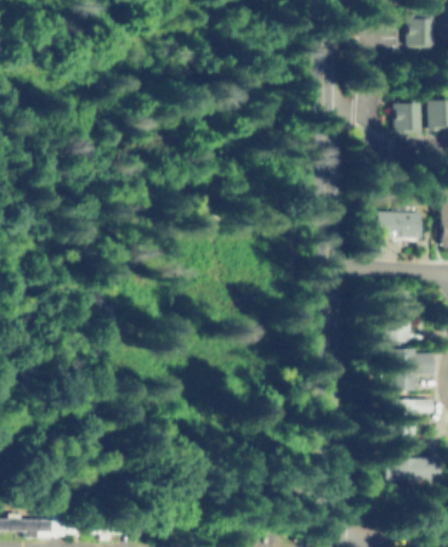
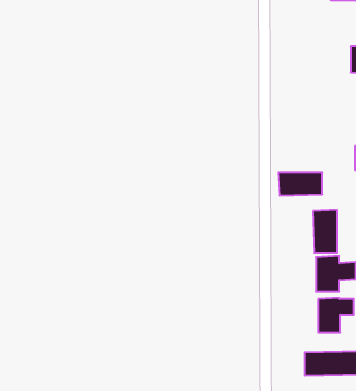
building: [392,106,423,137] -> none
building: [369,209,420,236] -> [278,172,322,195]

